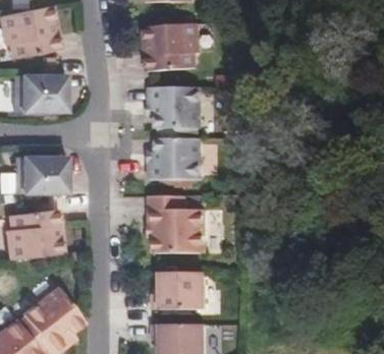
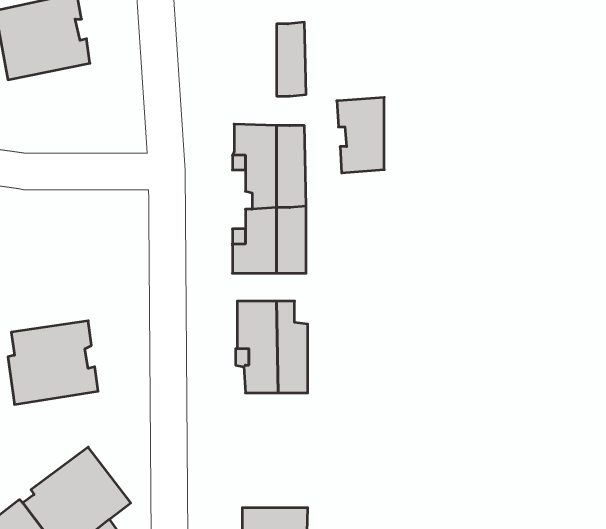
building: [147,31,176,77] -> [337,97,384,173]
building: [13,80,65,118] -> none
building: [16,162,67,199] -> none
building: [156,278,196,315] -> none

